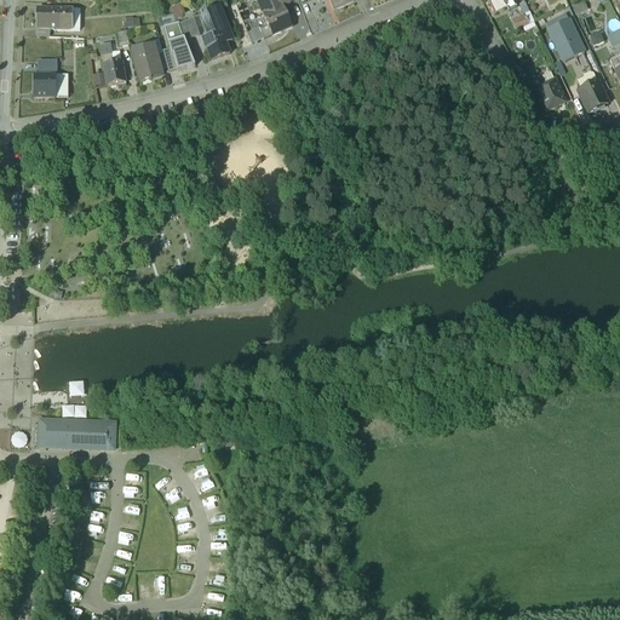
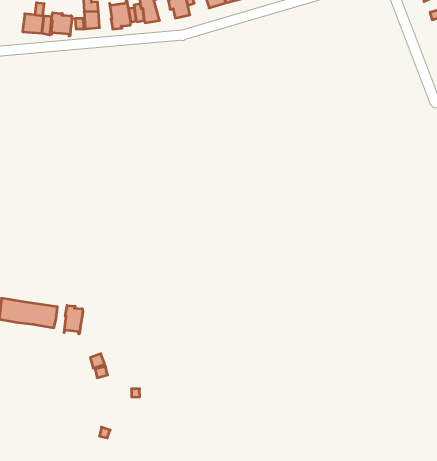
building: none -> [52,13,72,36]
building: none -> [64,305,83,334]

